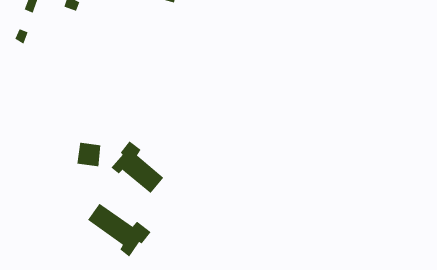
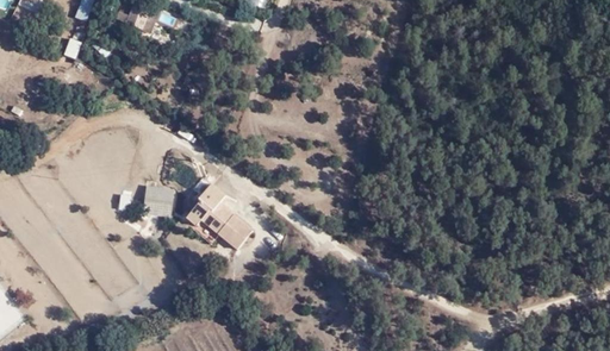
building: [87,203,152,257] -> none

